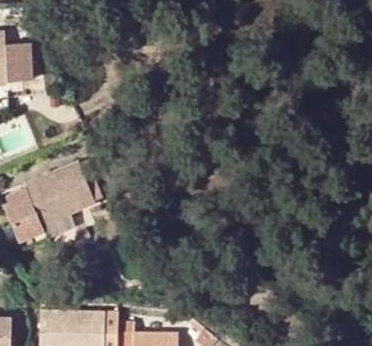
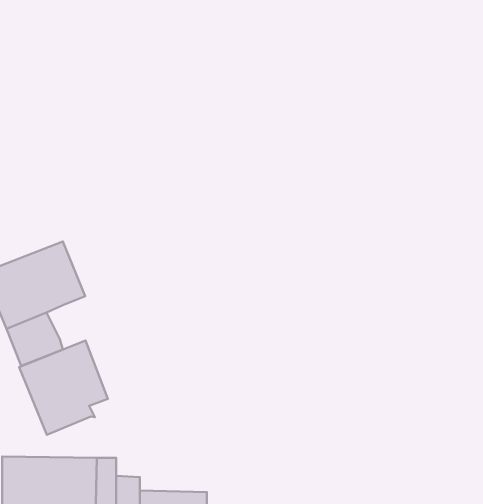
building: none -> [19,341,108,435]

